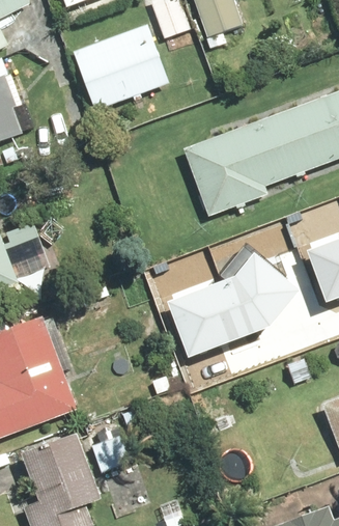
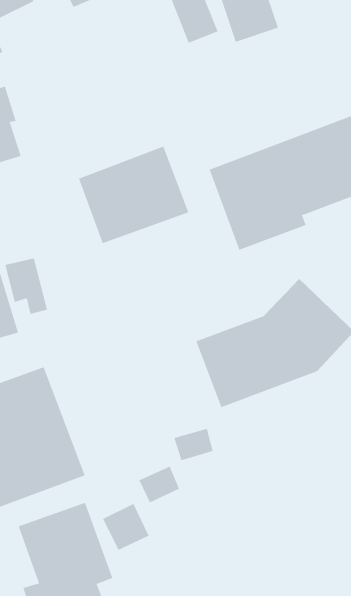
building: [72,27,167,111] -> [78,146,189,244]

